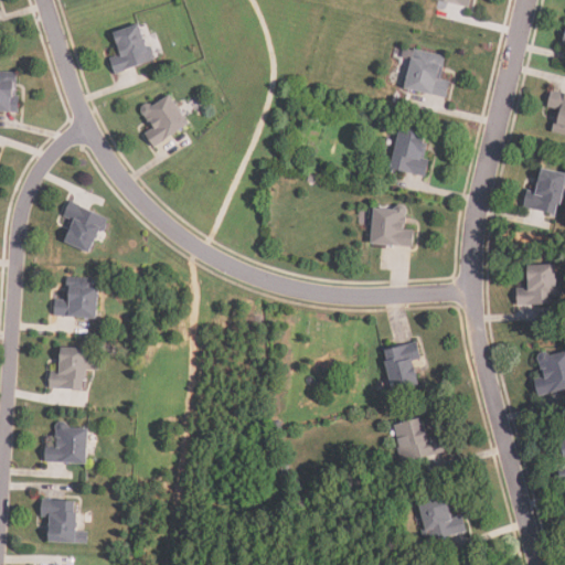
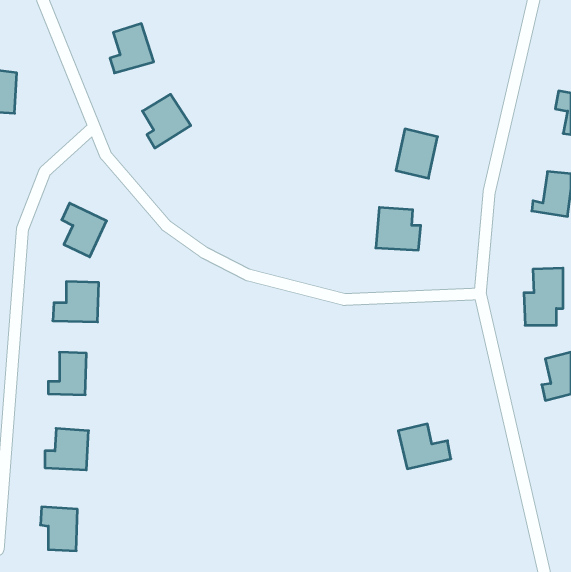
building: [404,49,449,96] -> none
building: [382,342,419,390] -> none
building: [417,495,466,541] -> none

